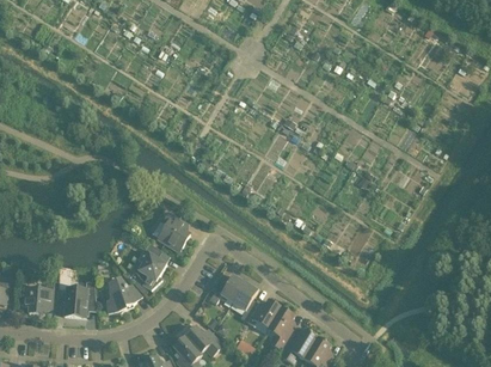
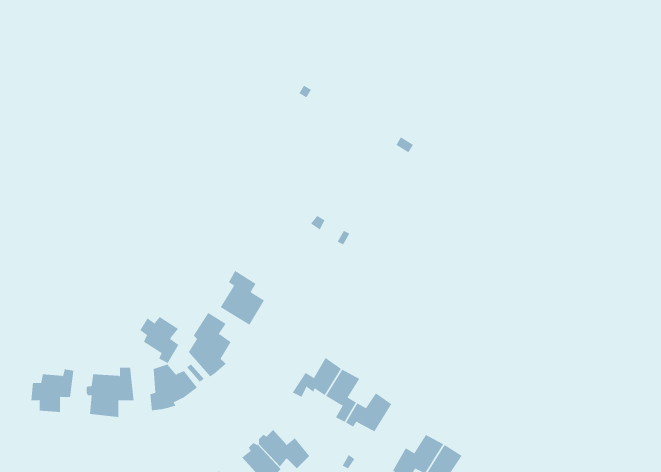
building: none -> [139,316,179,364]
building: [268,307,294,349] -> none

